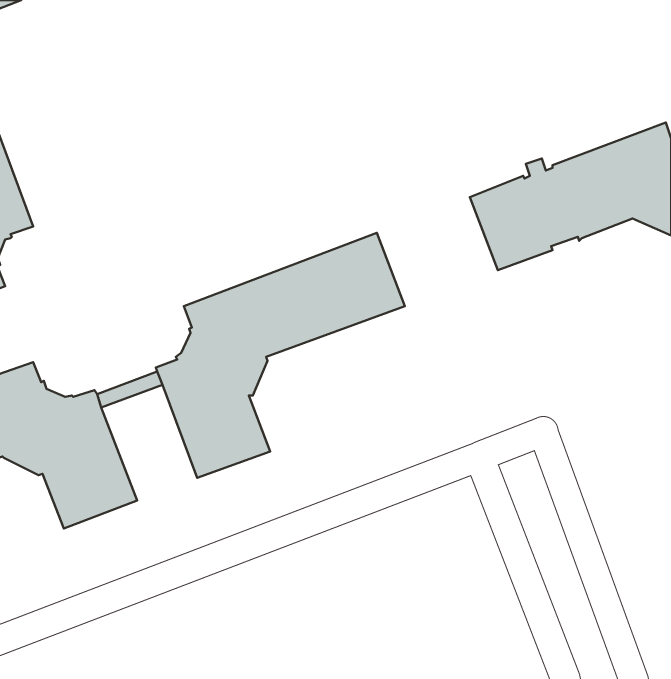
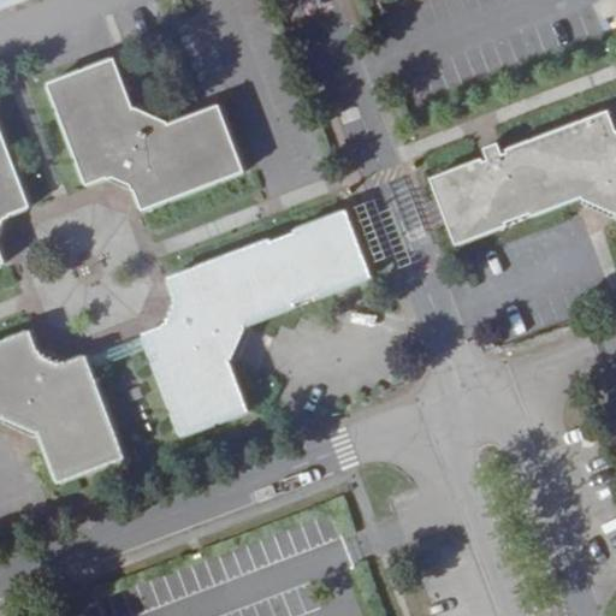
building: none -> [47,58,241,209]

